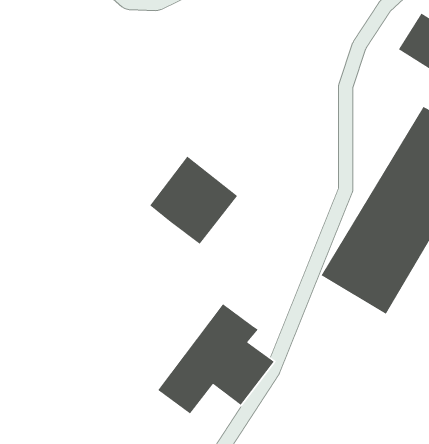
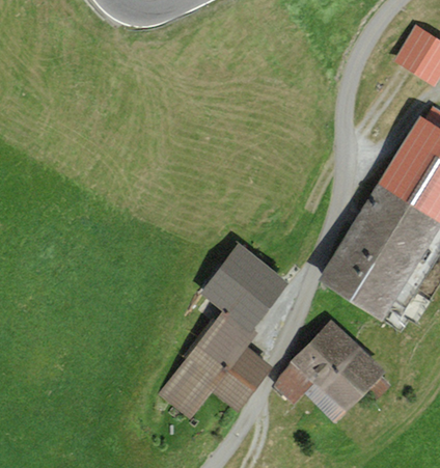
building: [149,156,238,245] -> [202,243,290,330]
building: none -> [273,319,391,423]

